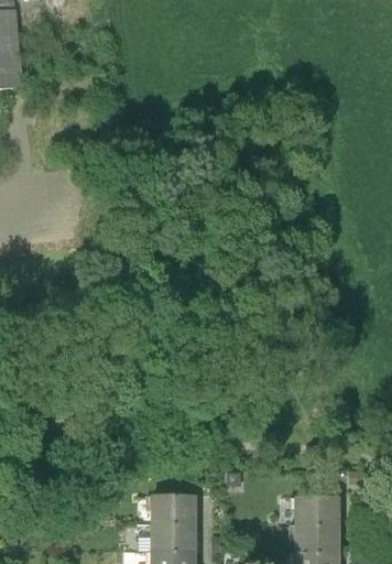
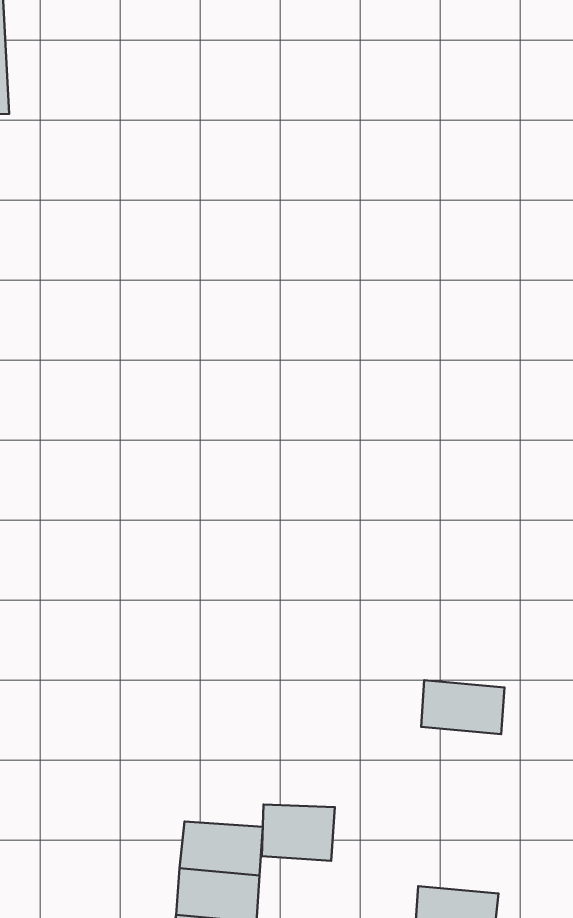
building: none -> [262,805,335,861]
building: [291,499,338,528] -> [421,680,504,734]

